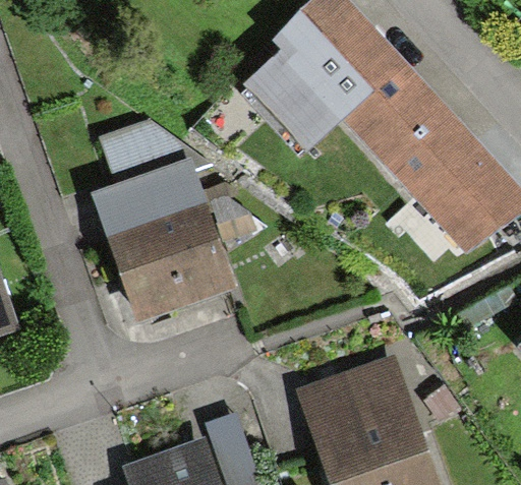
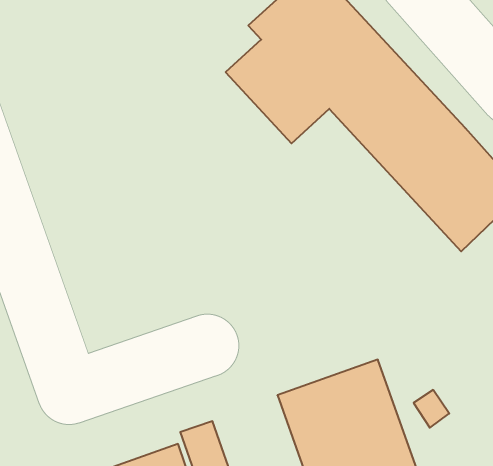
building: [95,124,232,316] -> none

